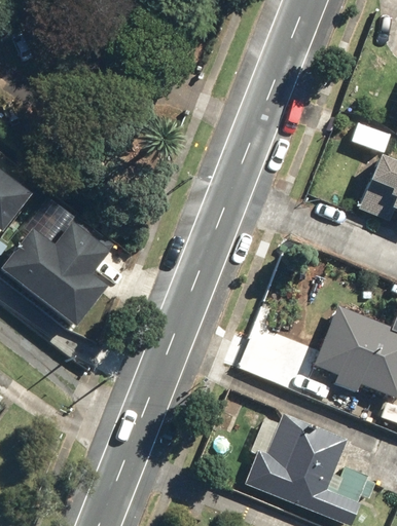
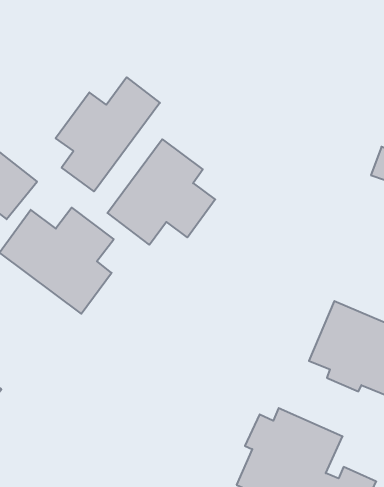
building: none -> [56,77,160,191]
building: none -> [107,139,215,245]

